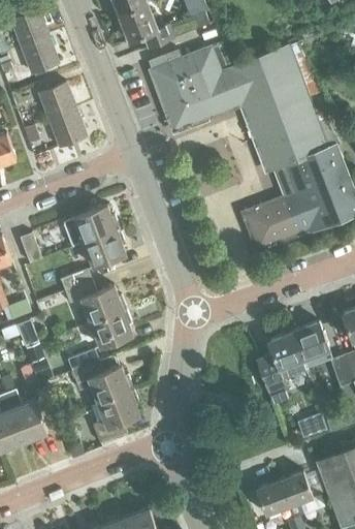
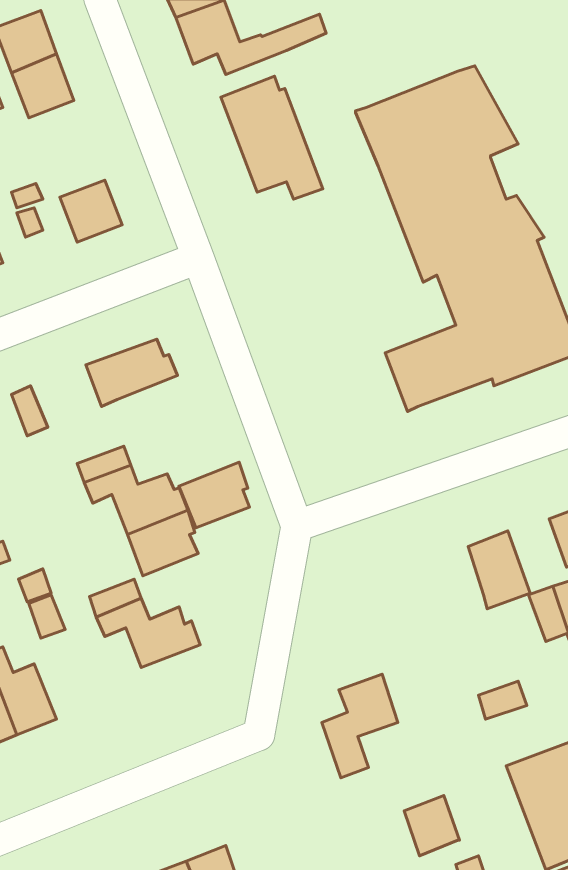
building: [184,48,239,117] -> none
building: [38,84,76,122] -> none
building: [84,228,126,268] -> [179,462,250,528]
building: [257,331,302,393] -> [322,674,398,778]
building: [93,390,139,443] -> none
building: [279,471,312,517] -> none

